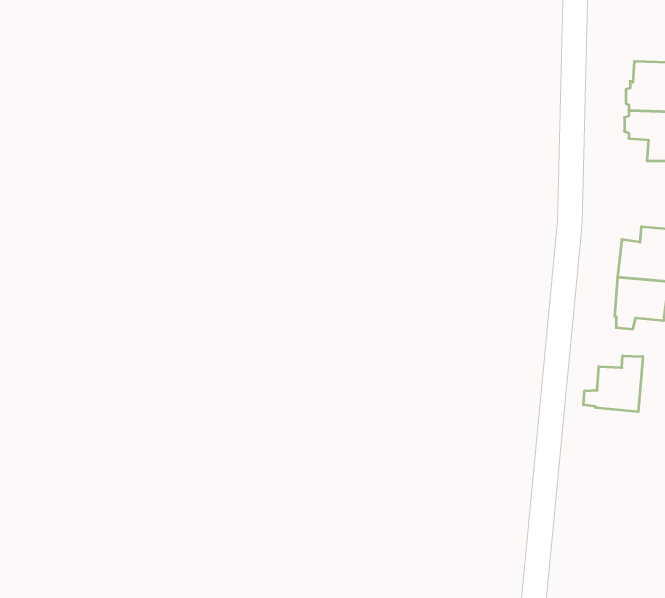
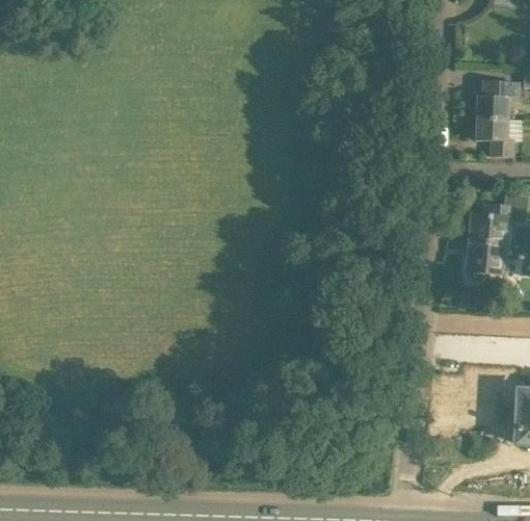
building: [583,356,643,412] -> none

